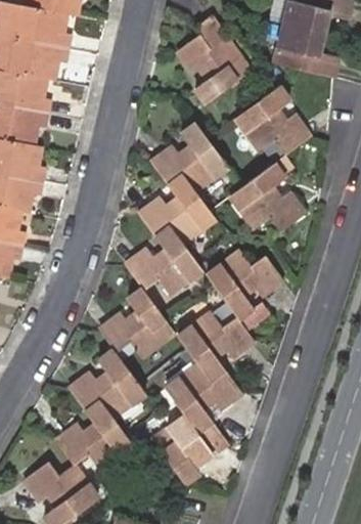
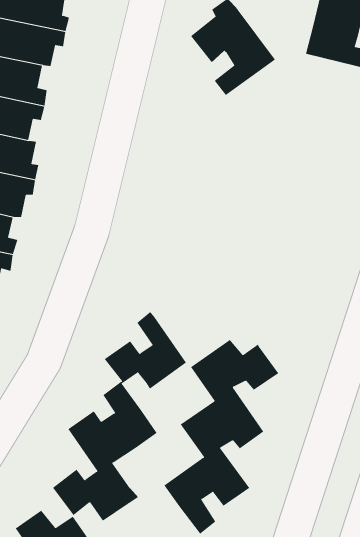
building: [236,85,312,155] -> none
building: [126,123,226,293] -> none
building: [231,164,306,233] -> none
building: [206,250,282,318] -> none

